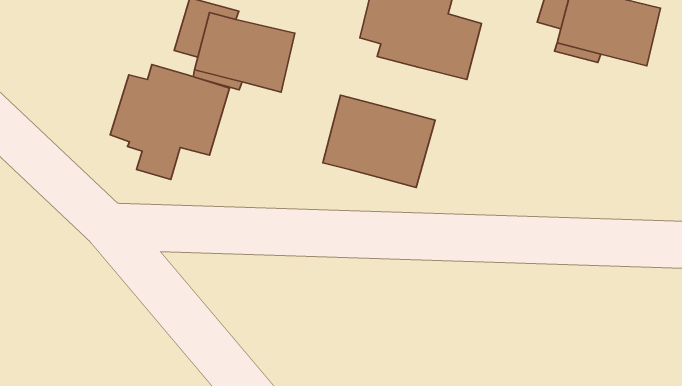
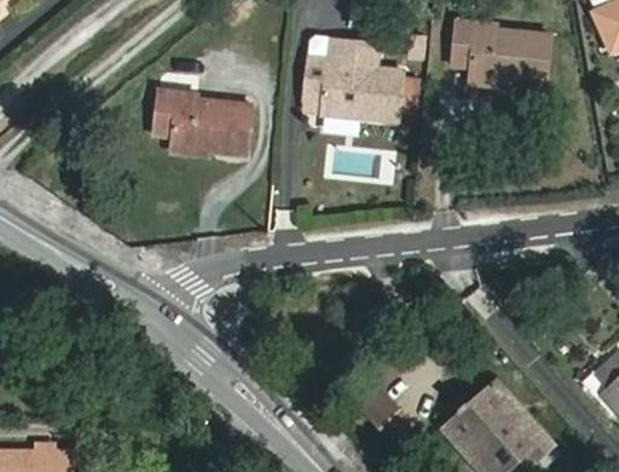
building: [110,64,230,179] -> none
building: [323,95,435,187] -> none

